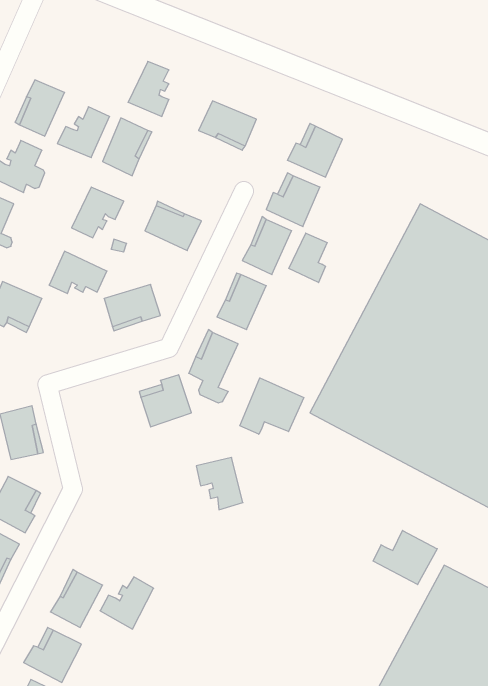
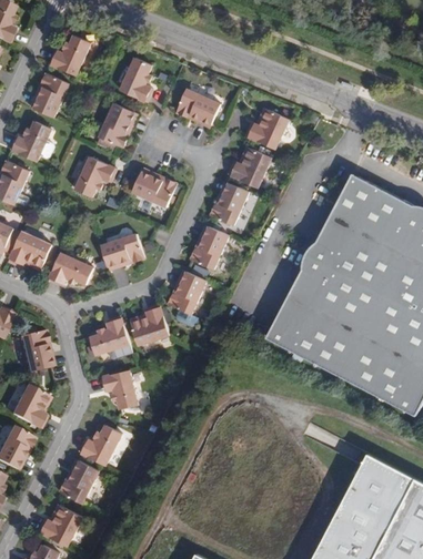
building: [57,107,110,158] -> [49,35,90,75]
building: [289,233,327,283] -> none
building: [49,251,107,294] -> [48,253,93,286]
building: [240,378,304,434] -> none
building: none -> [89,317,132,359]
building: [196,457,243,510] -> [101,369,138,410]
building: [373,530,437,585] -> none
building: [100,577,154,629] -> [79,425,121,466]

